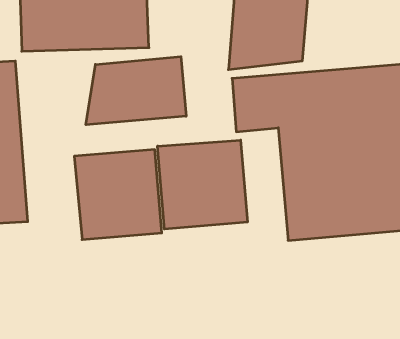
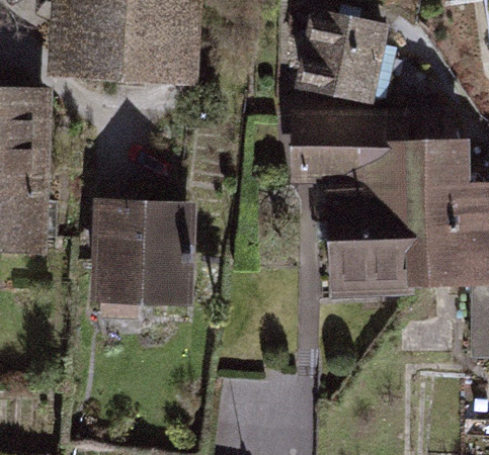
building: [86,57,186,125] -> none
building: [158,140,247,229] -> none

